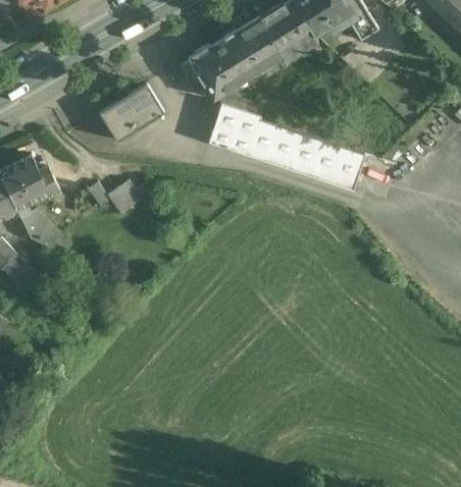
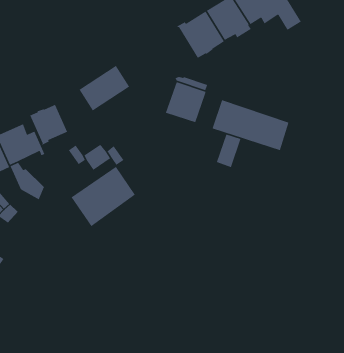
building: [182,37,249,97] -> none
building: [247,119,278,162] -> [216,134,241,168]
building: none -> [29,104,68,146]
building: none -> [70,166,136,227]

